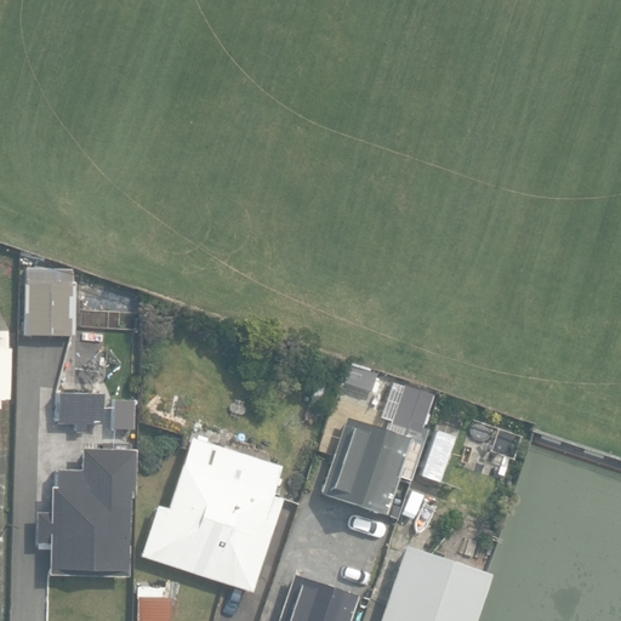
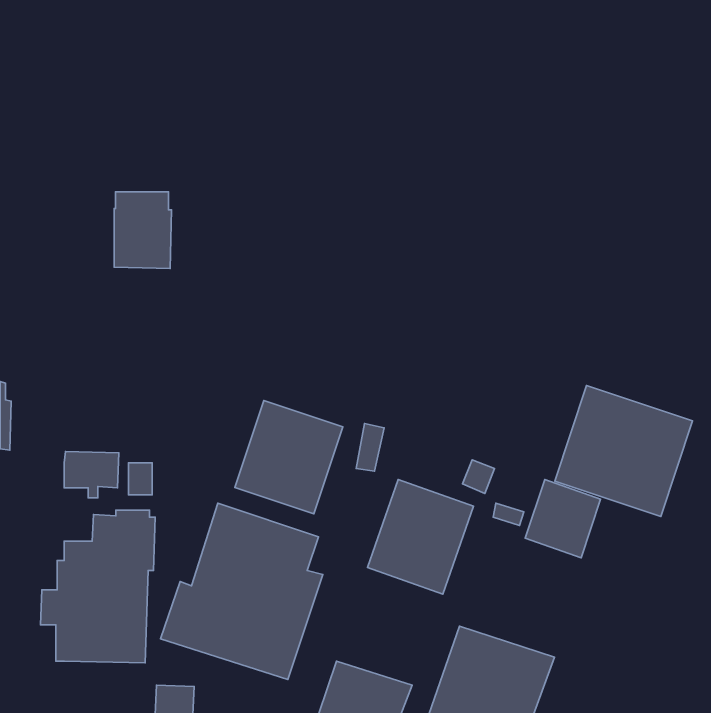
building: [25,270,75,337] -> [114,192,171,269]
building: none -> [555,386,692,517]
building: none -> [235,400,343,514]

